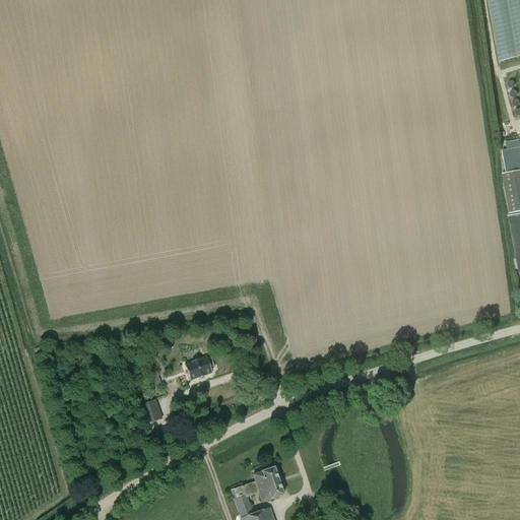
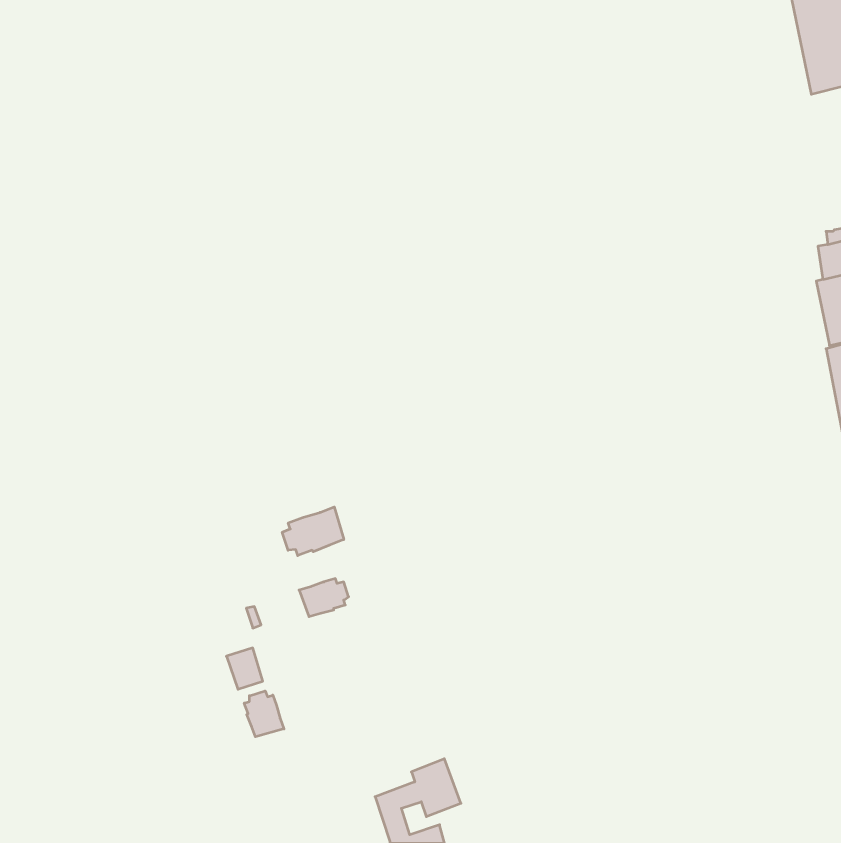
building: none -> [282,507,344,556]
building: none -> [244,691,284,737]

